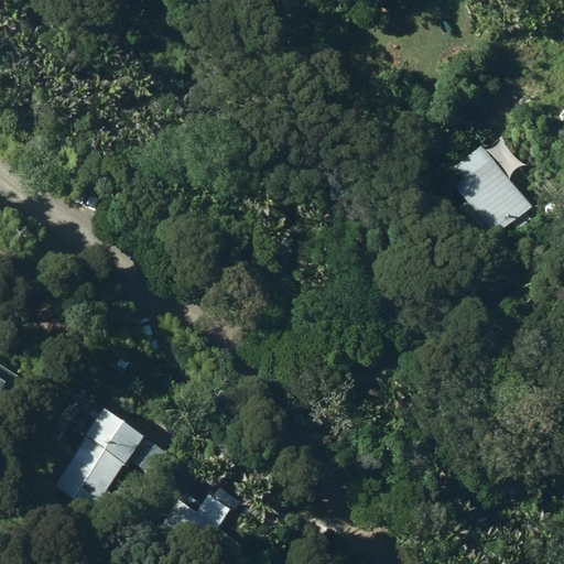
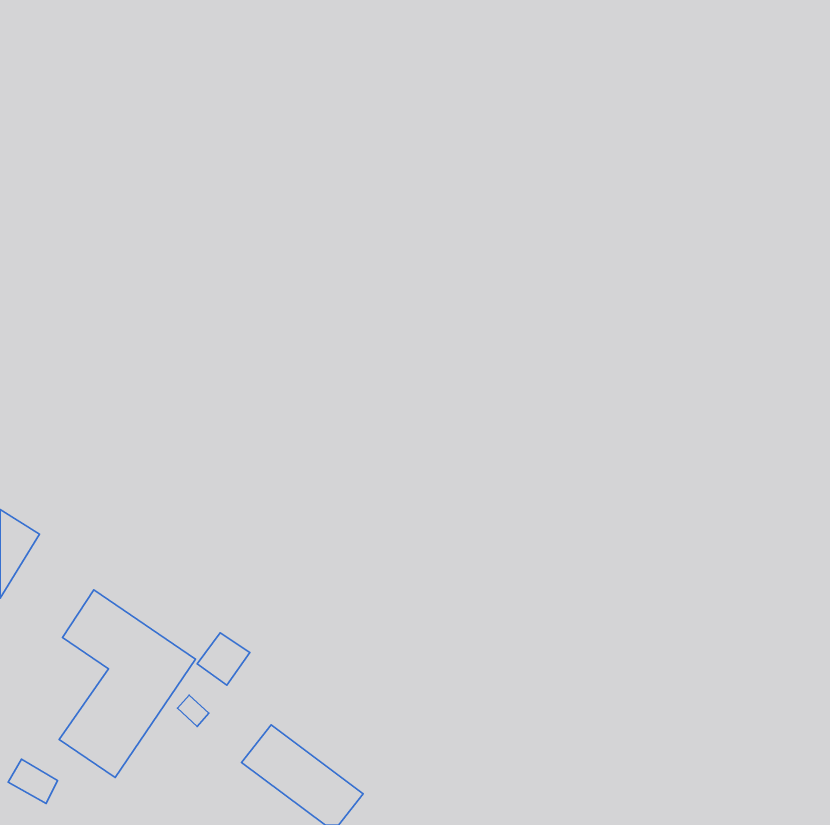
building: [454,141,538,229] -> none

